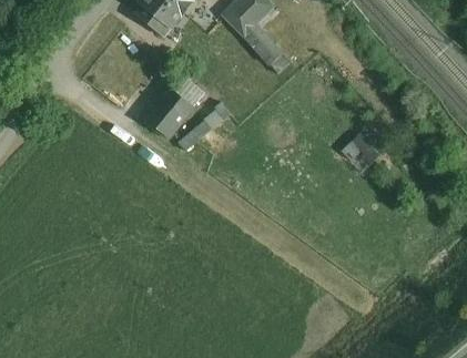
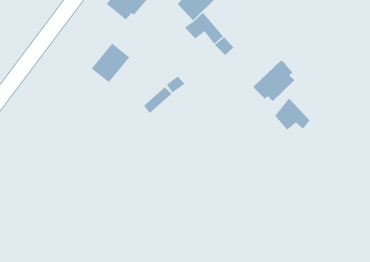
building: none -> [252,59,295,102]
building: [145,88,193,136] -> [91,43,130,83]

